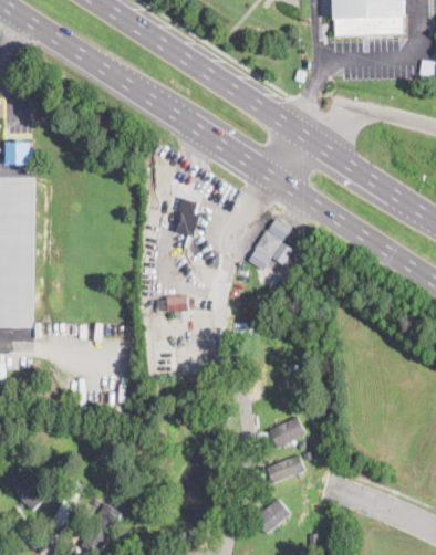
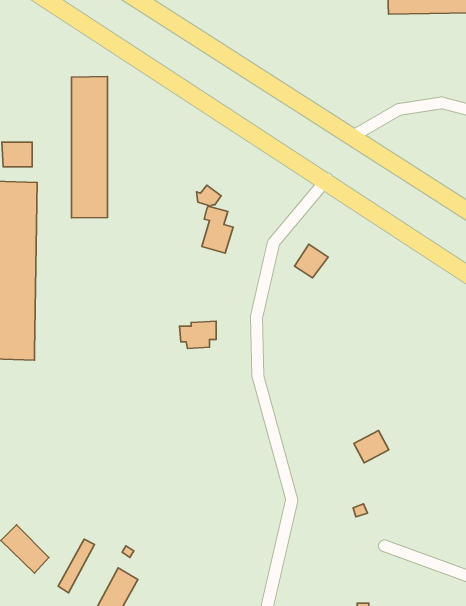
building: none -> [71,77,108,218]
building: [269,420,299,448] -> [354,430,389,463]
building: [267,453,305,482] -> none
building: [253,498,290,532] -> none

